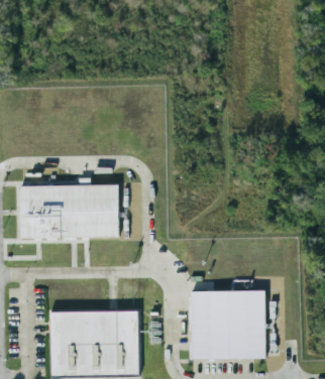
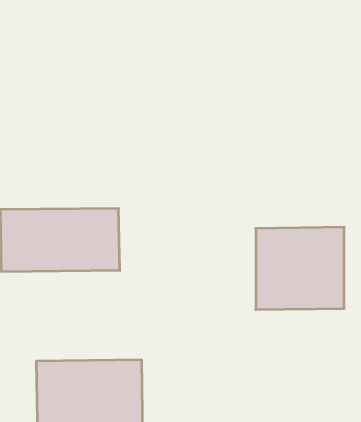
building: [193,289,266,358] -> [256,227,344,310]

